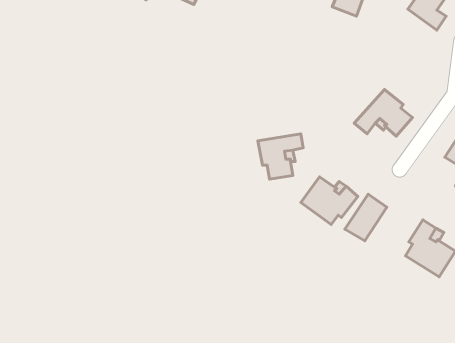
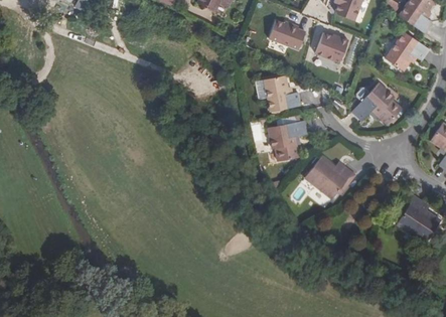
building: none -> [267,18,306,49]
building: none -> [313,30,348,60]
building: none -> [384,30,429,69]
building: none -> [265,75,301,111]

